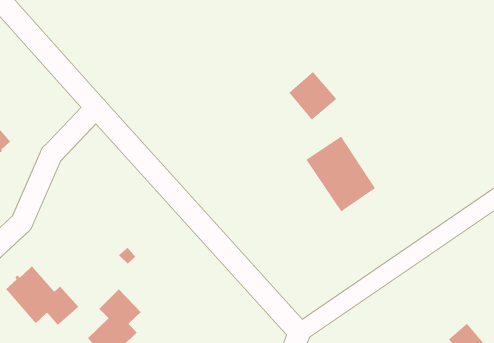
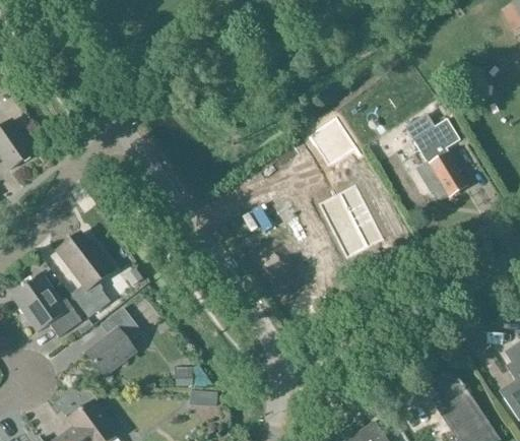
building: none -> [412,118,466,196]
building: none -> [56,233,115,317]

